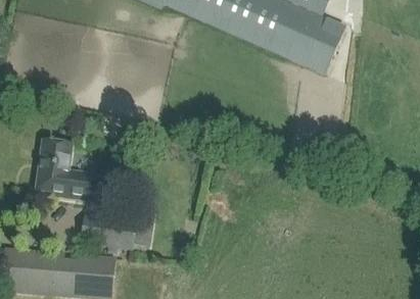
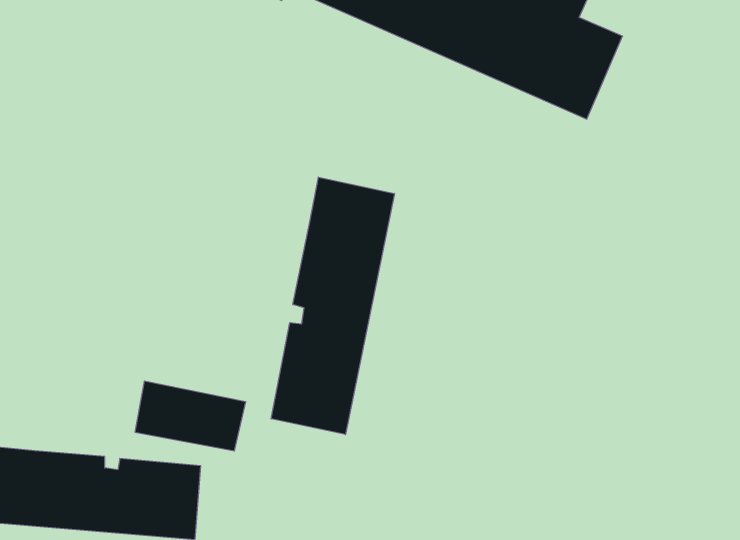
building: none -> [271,177,394,435]
building: [36,139,97,200] -> none

